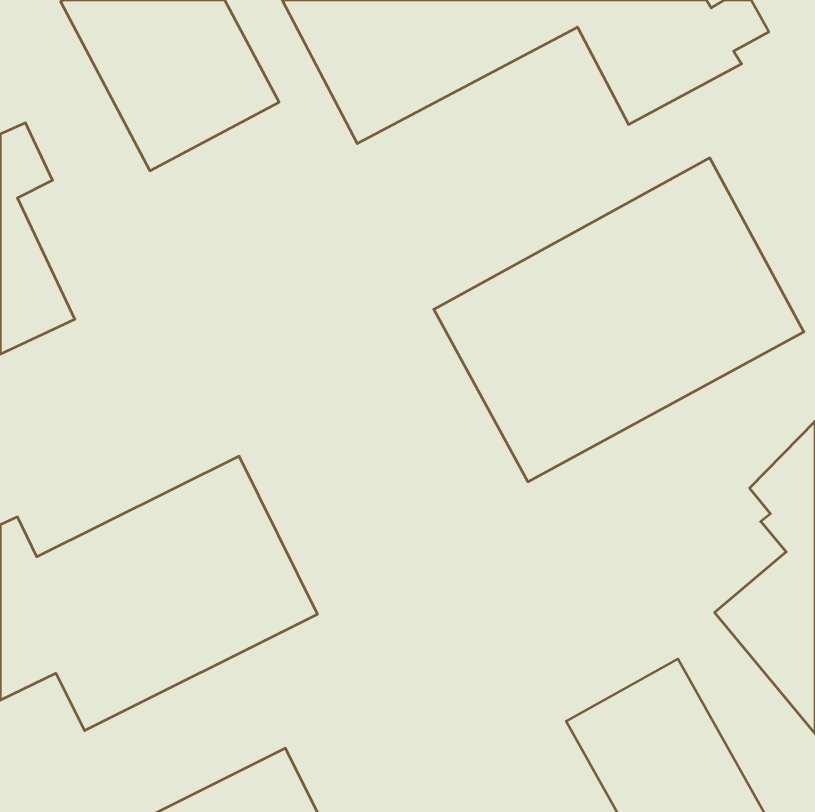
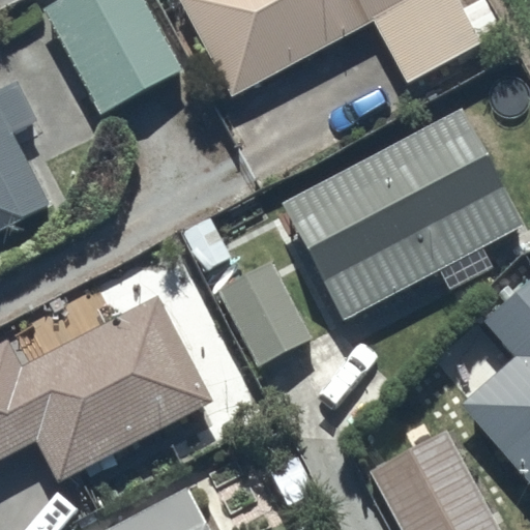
building: none -> [204,235,312,367]

